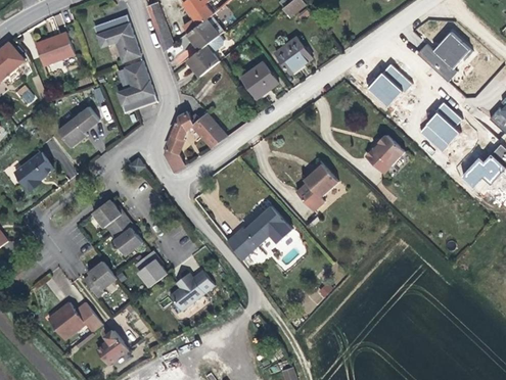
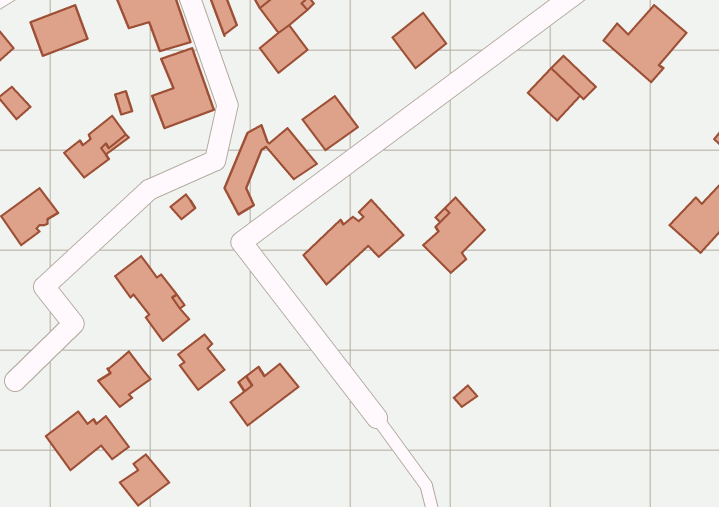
building: [242,62,279,98] -> [303,96,358,150]
building: [418,104,461,153] -> none
building: [367,135,407,175] -> none
building: [227,205,293,262] -> [304,200,404,284]

